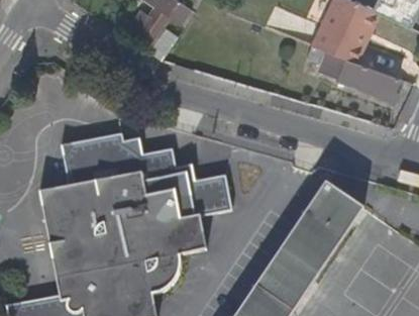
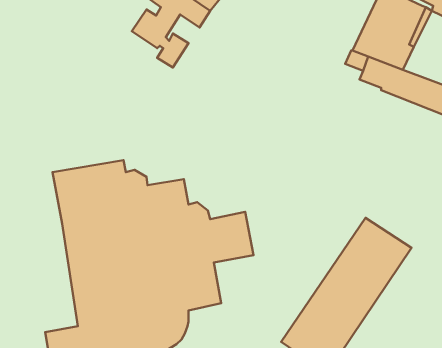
building: [41,189,83,280] -> none

